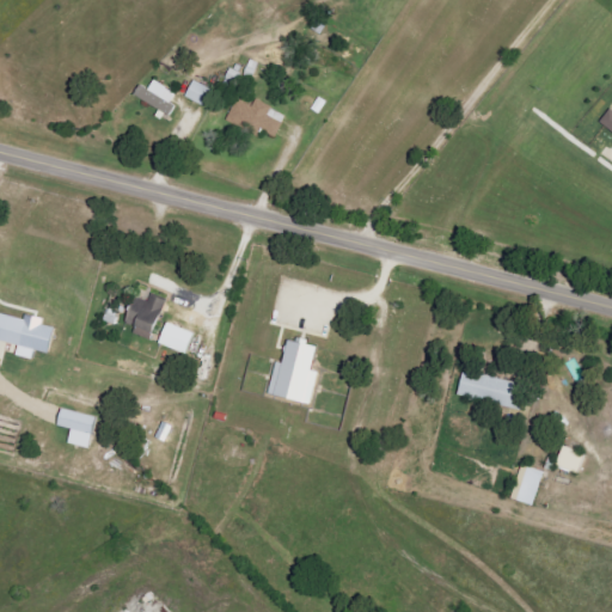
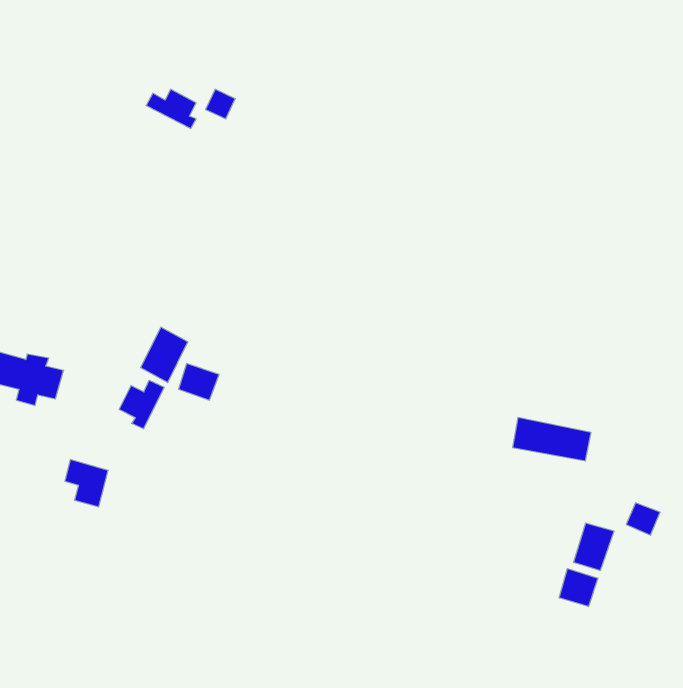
building: [224,98,283,140] -> none
building: none -> [119,380,164,429]
building: [267,339,318,402] -> none
building: none -> [559,569,598,607]

